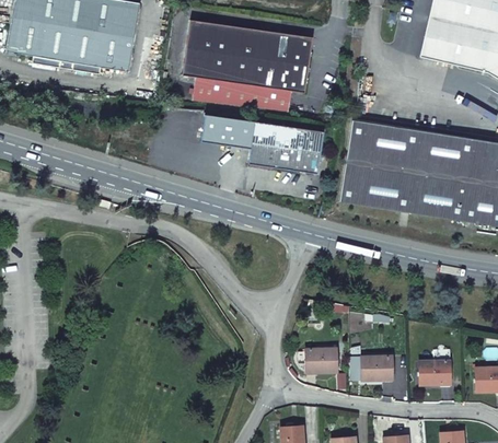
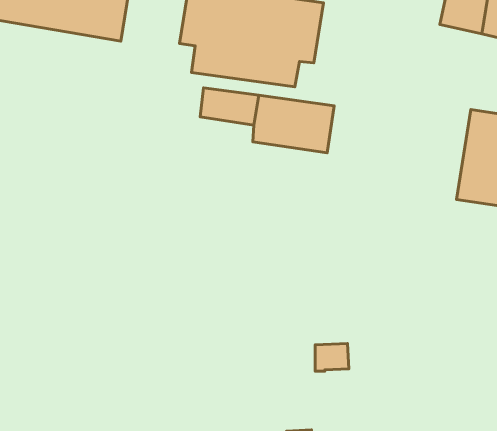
building: [340,119,449,215] -> none
building: [361,354,393,380] -> none
building: [419,360,451,384] -> none

